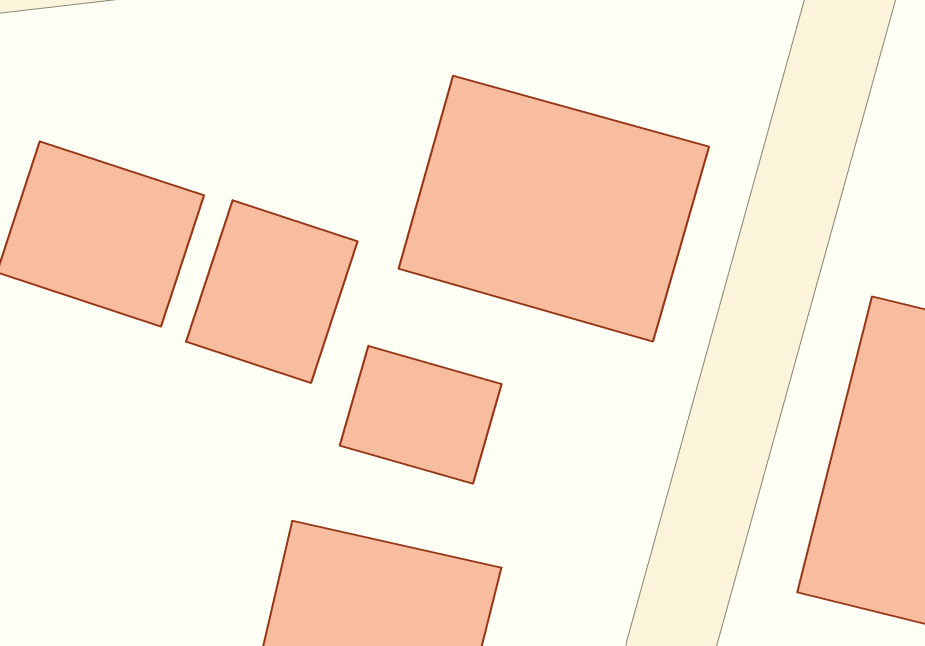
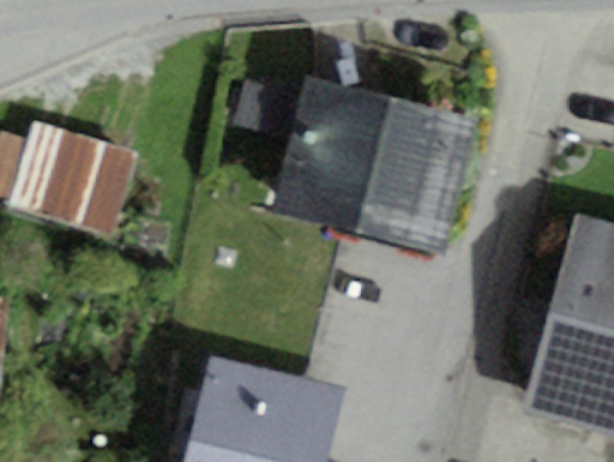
building: [186,200,358,383] -> none
building: [340,346,501,484] -> none

